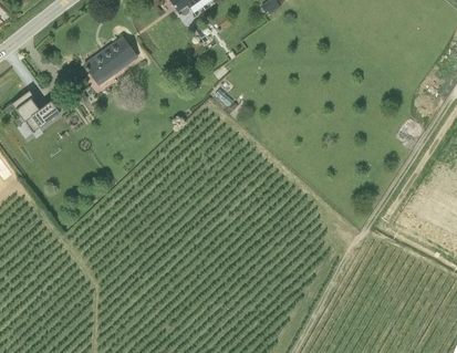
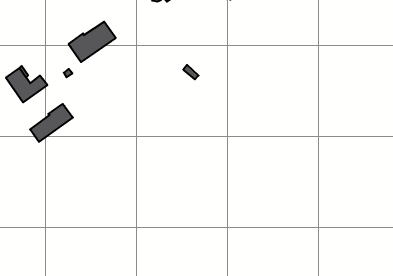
building: none -> [30,104,73,142]

